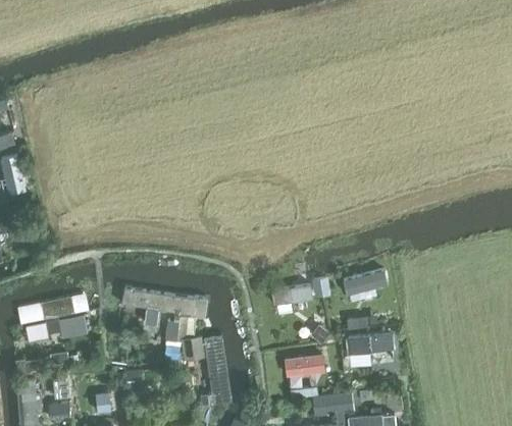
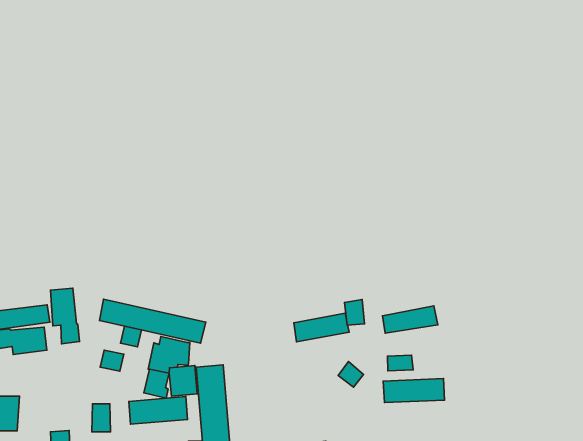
building: none -> [50,288,80,344]
building: [286,352,324,375] -> none
building: none -> [129,397,187,424]

